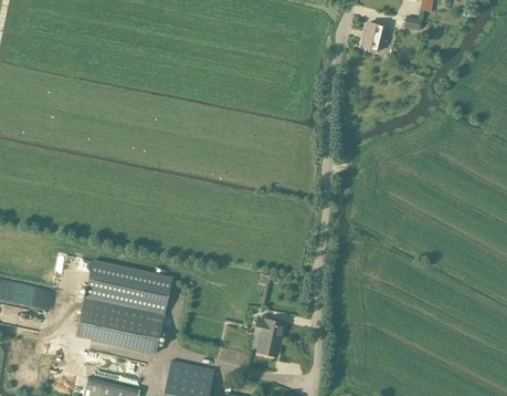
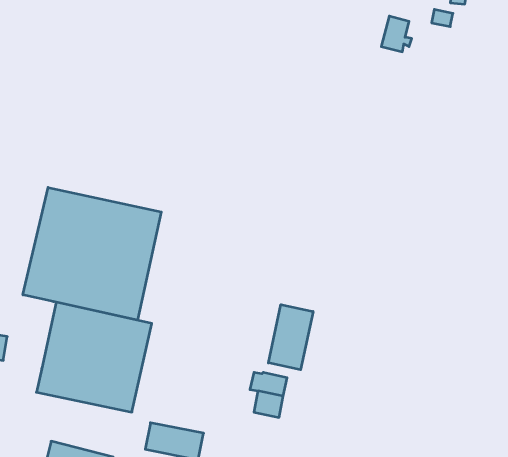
building: none -> [23,187,161,320]
building: none -> [268,305,313,370]

